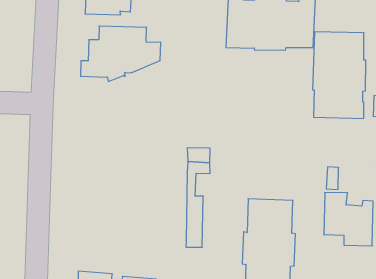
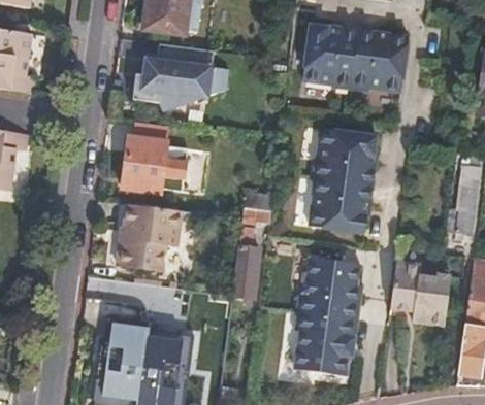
building: [313,32,366,118] -> [306,129,374,233]
building: none -> [123,121,192,193]
building: none -> [117,204,181,273]

